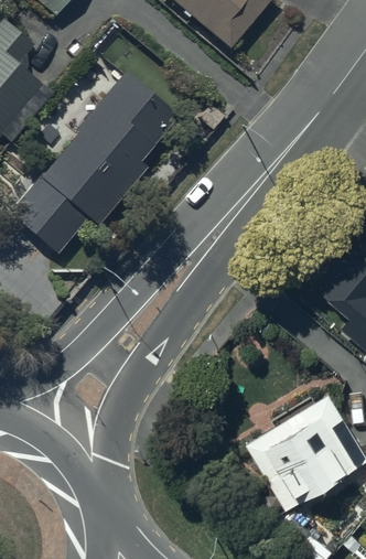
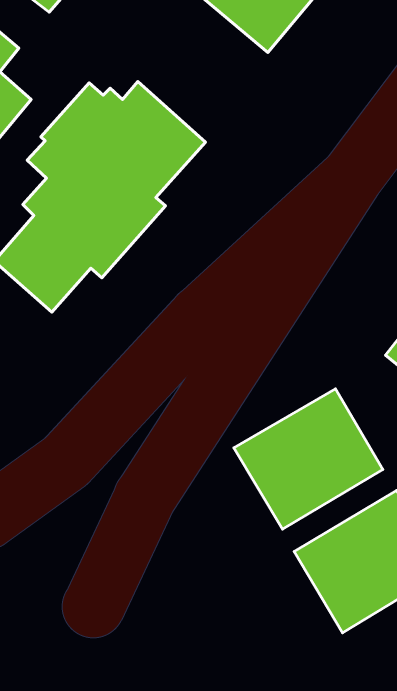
building: none -> [234,389,383,529]

